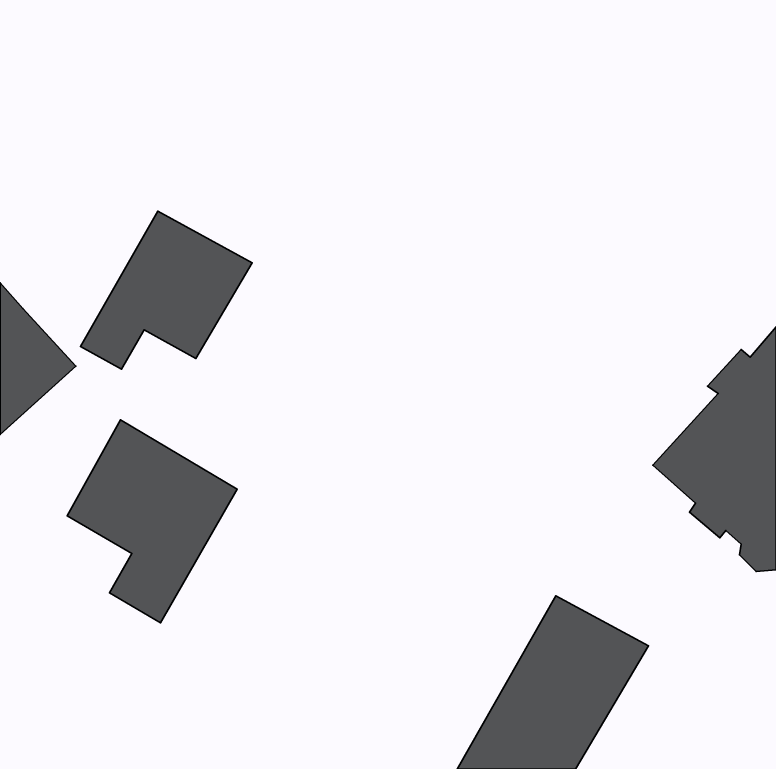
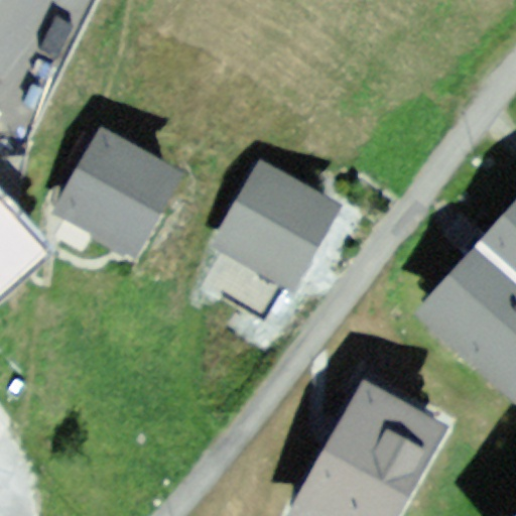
building: none -> [200,154,325,314]
building: [67,420,237,623] -> none

